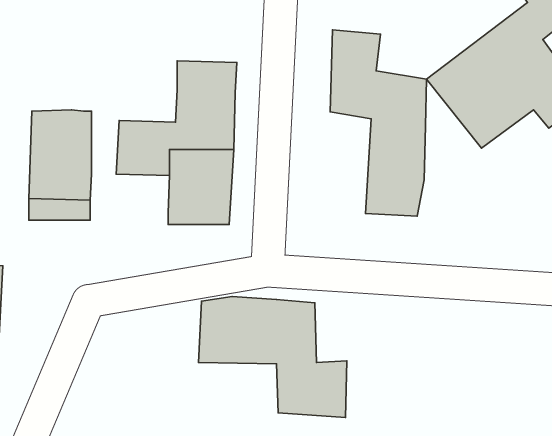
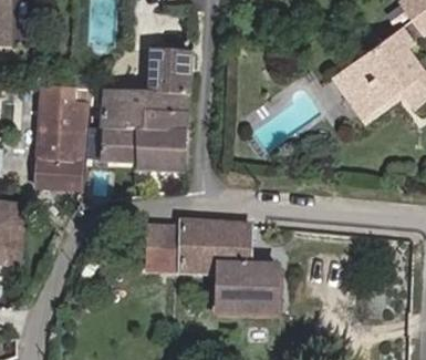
building: [330,30,426,216] -> none
building: none -> [102,134,141,162]
building: none -> [39,167,83,191]

